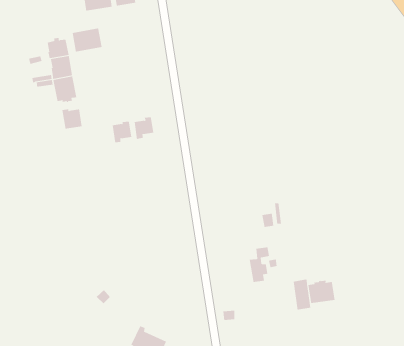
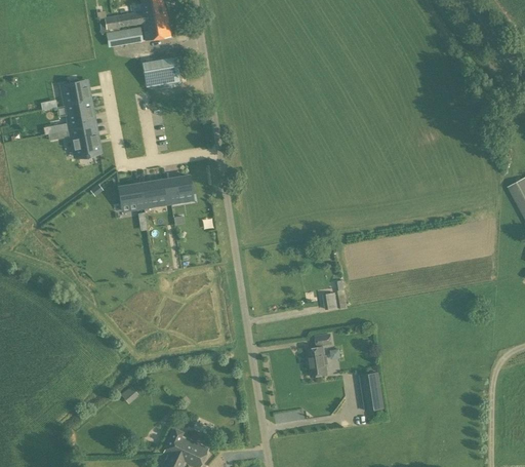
building: [72,28,102,52] -> [143,56,179,86]
building: [61,109,83,129] -> [119,185,145,209]
building: [308,280,335,304] -> none

